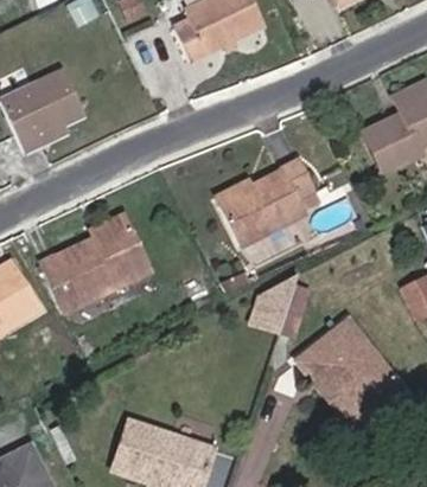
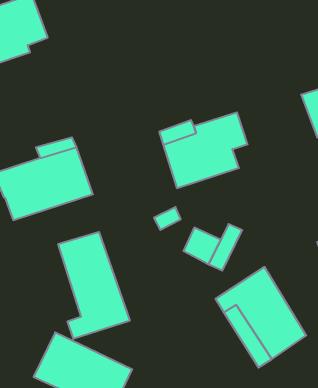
building: none -> [58,232,130,339]

